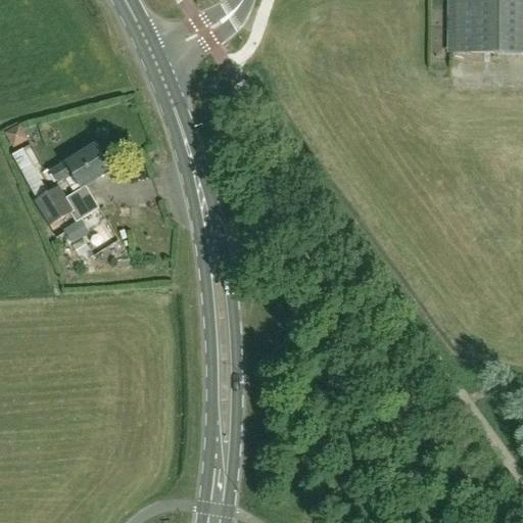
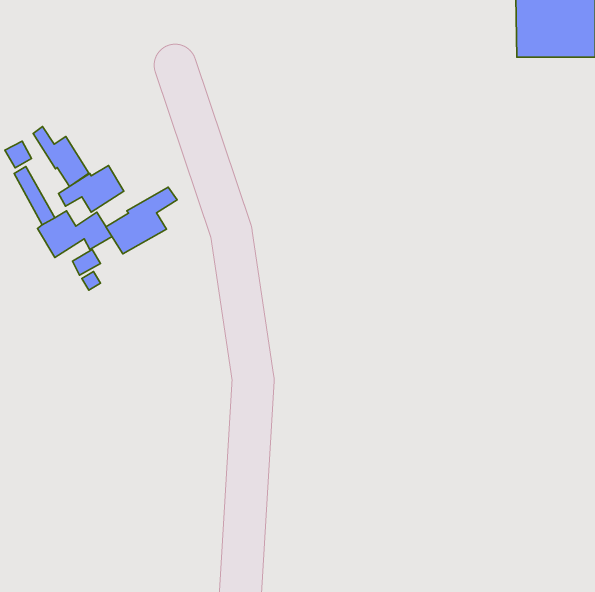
building: none -> [33,127,89,186]
building: none -> [106,187,177,254]

